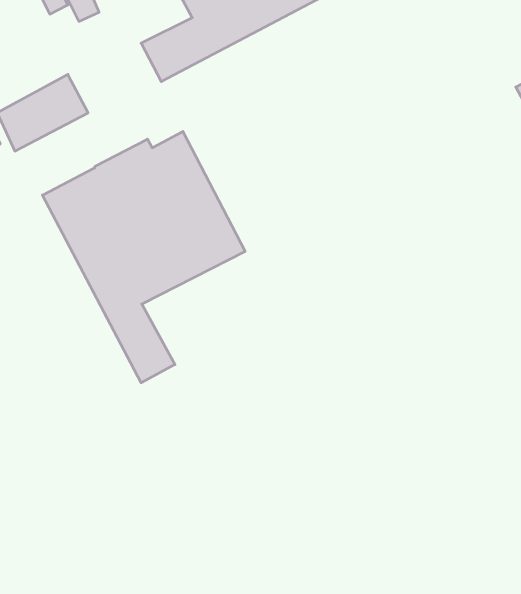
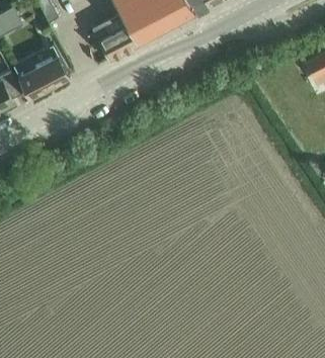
building: [42,131,245,383] -> none

